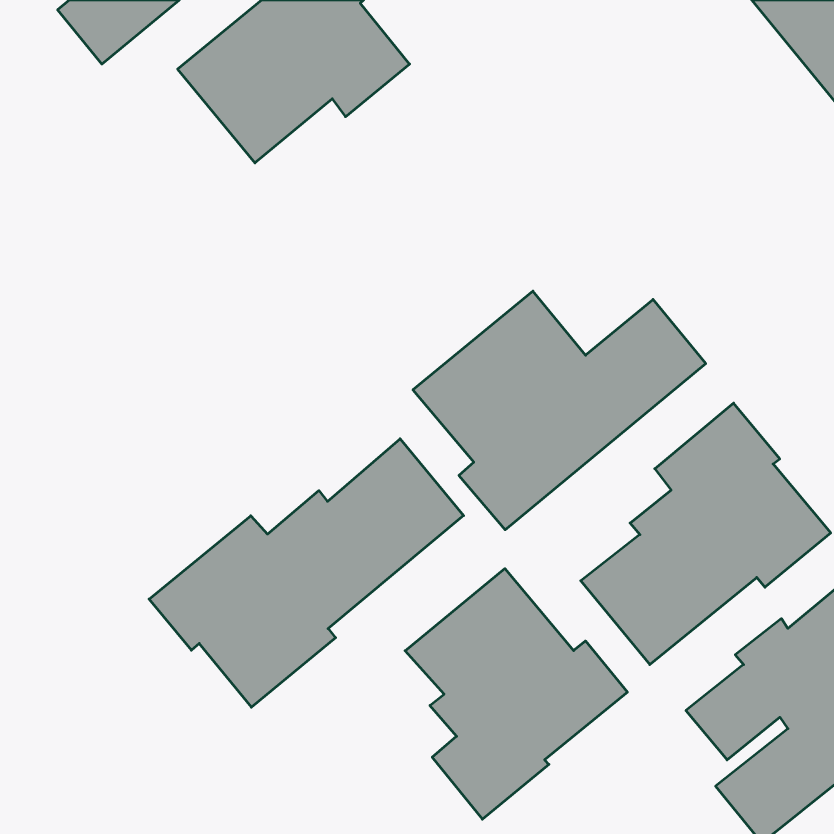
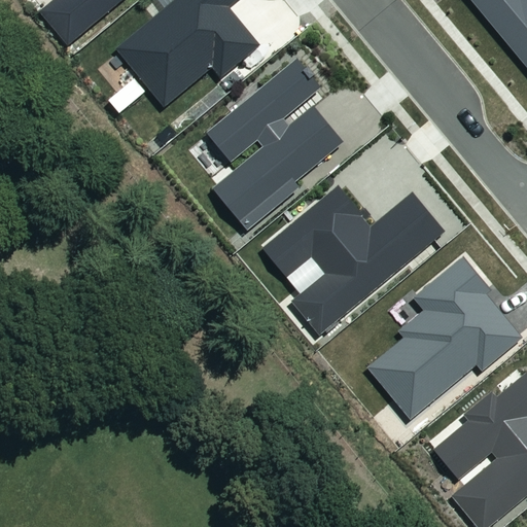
building: none -> [207,58,344,230]
building: [149,439,464,707] -> none
building: [405,569,627,819] -> none

